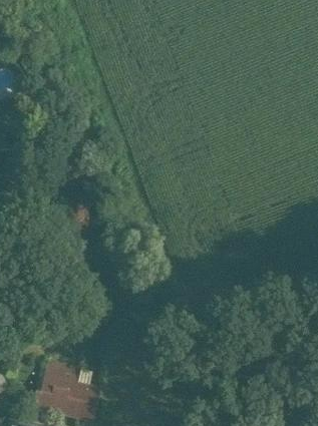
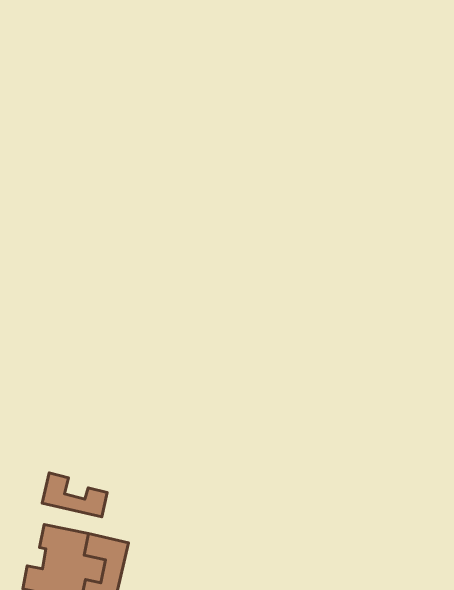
building: none -> [42,473,107,517]

